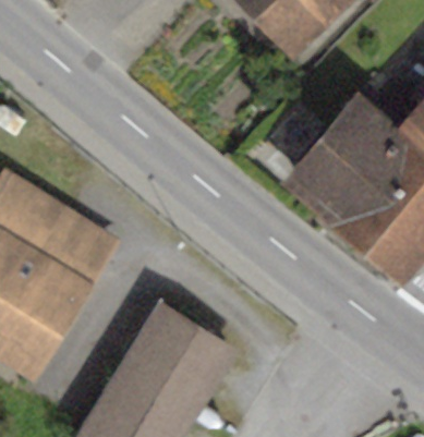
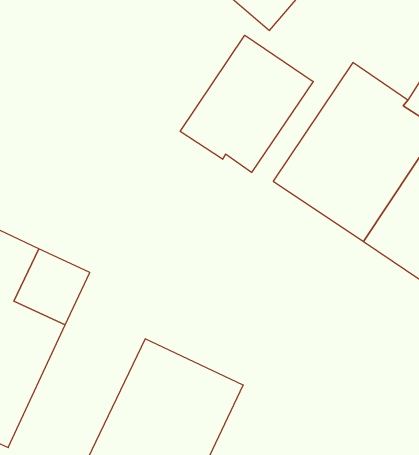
building: none -> [180,35,313,172]

